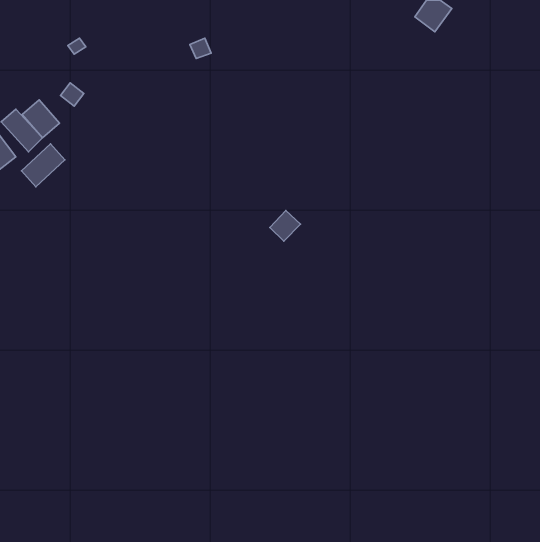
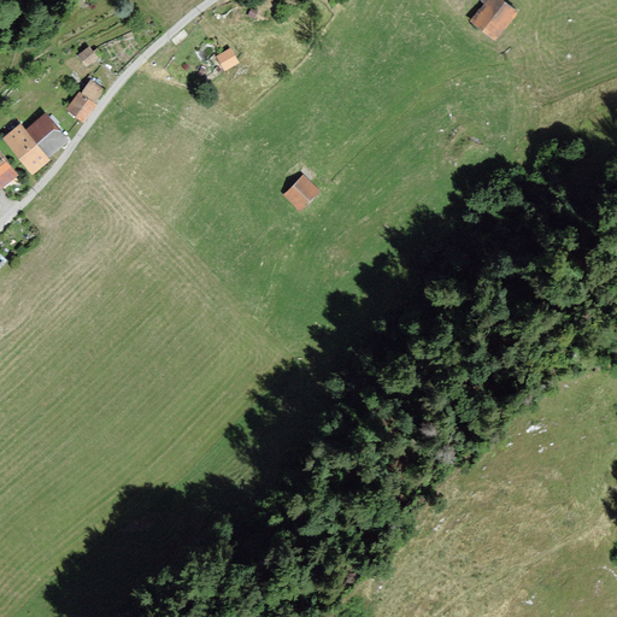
building: [21,144,65,187] -> none
building: [270,210,301,241] -> [284,176,319,211]

